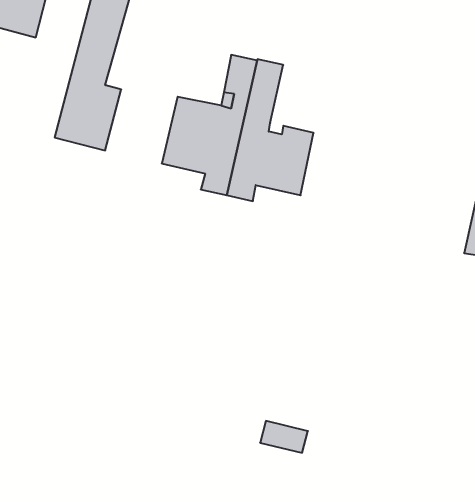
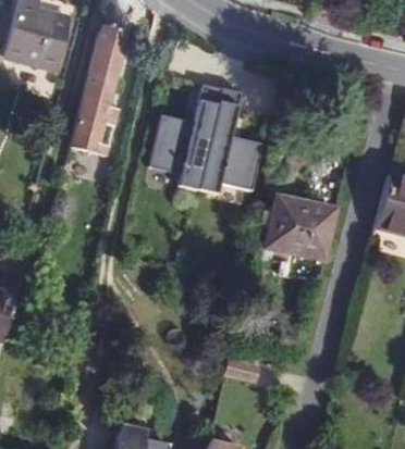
building: none -> [265,196,335,259]

